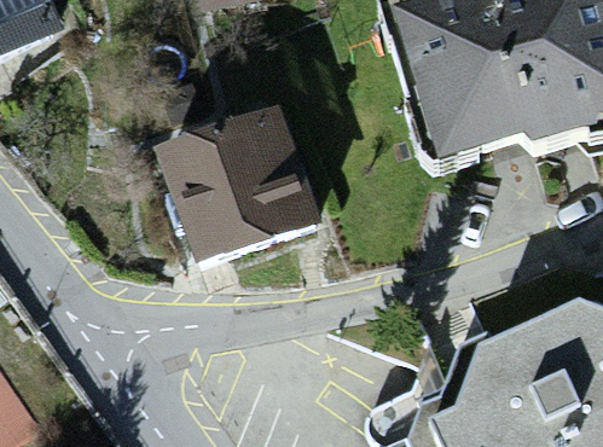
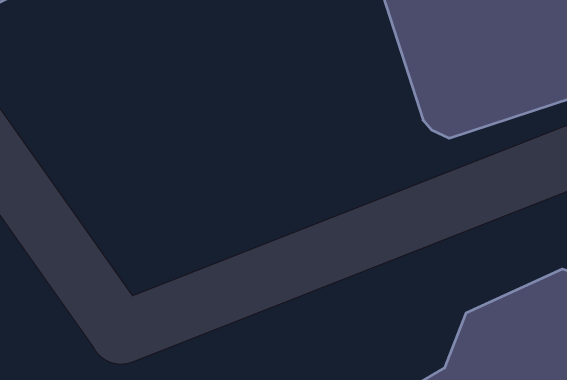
building: [157,116,321,274] -> none

